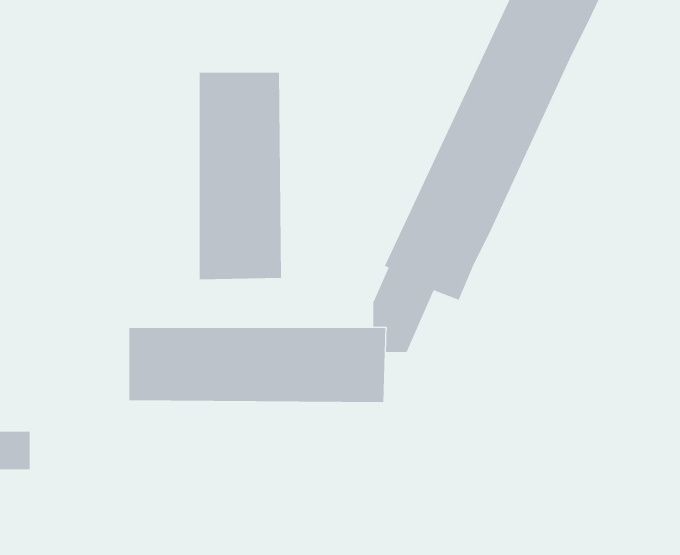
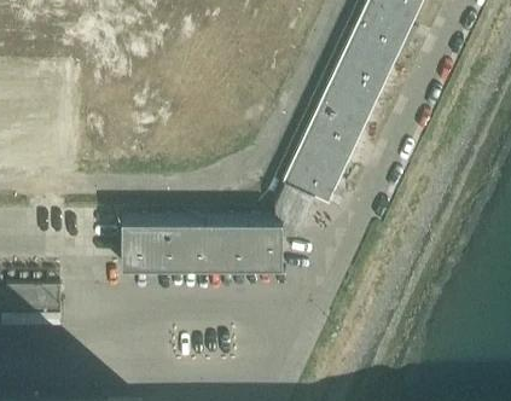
building: [199,72,282,280] -> none

